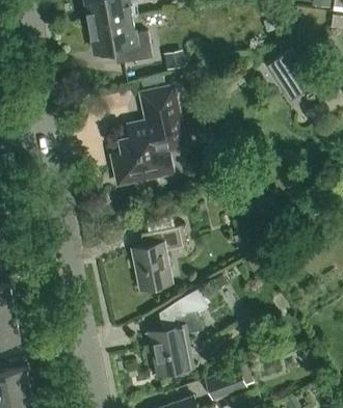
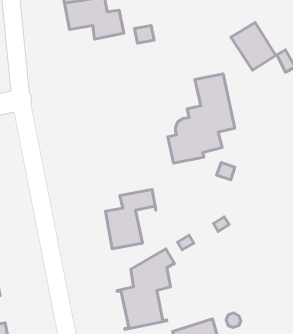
building: [112,88,184,184] -> [168,74,235,163]

